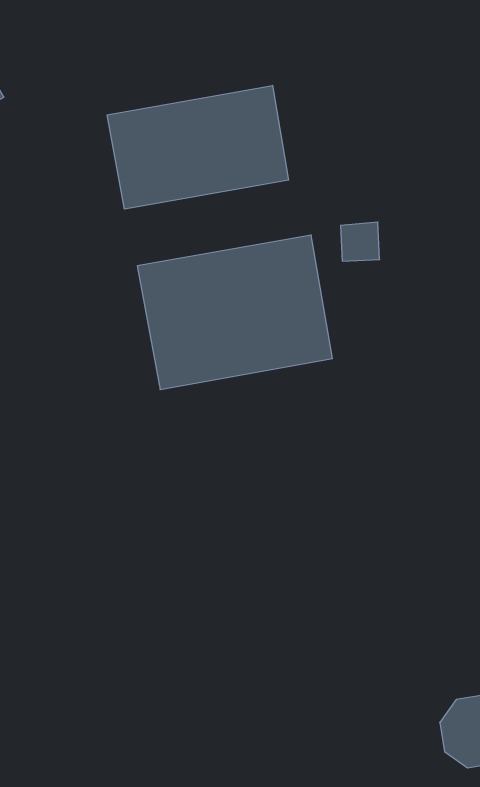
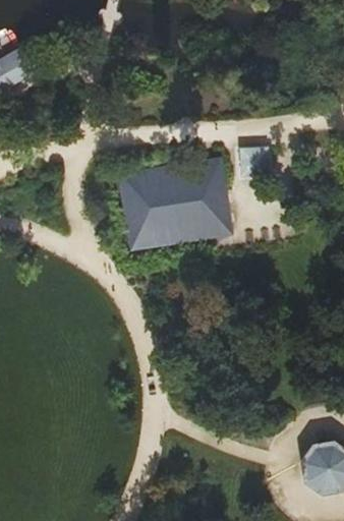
building: [107,85,289,209] -> none

